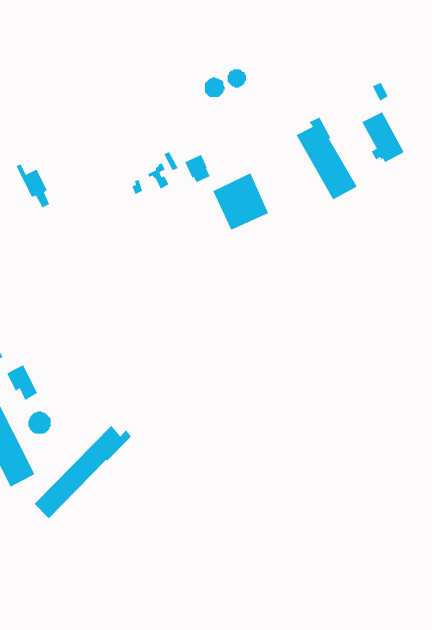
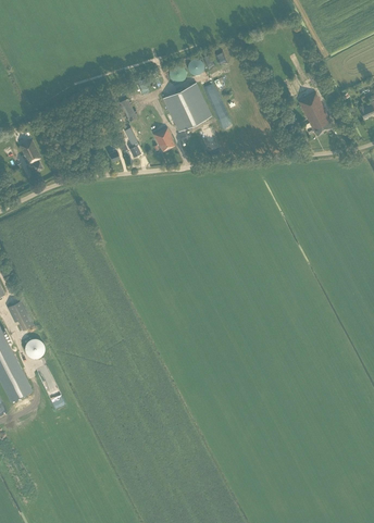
building: [295,117,358,201] -> none
building: [212,172,269,231] -> [164,84,211,132]
building: [34,425,132,519] -> none

